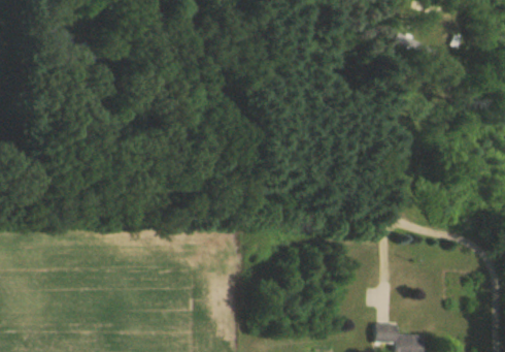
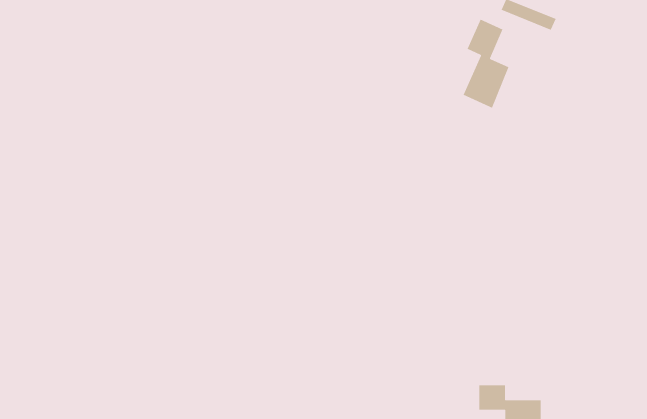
building: none -> [463,19,509,109]

